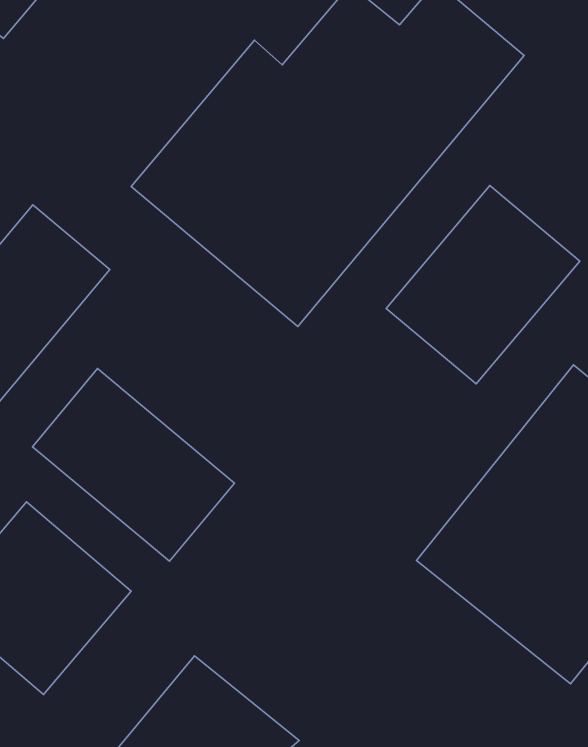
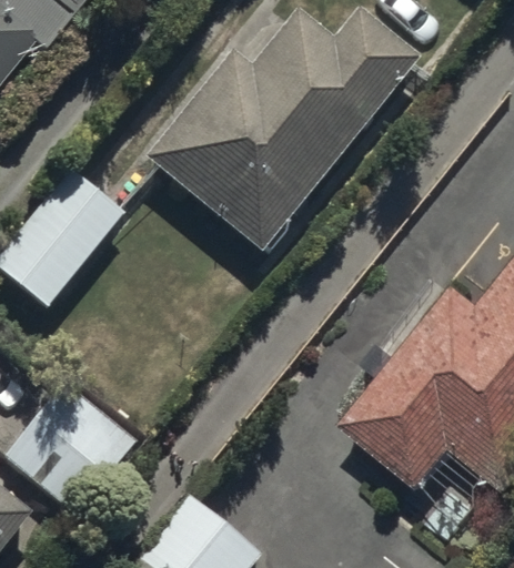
building: [386,186,580,384] -> none
building: [32,369,235,561] -> none

